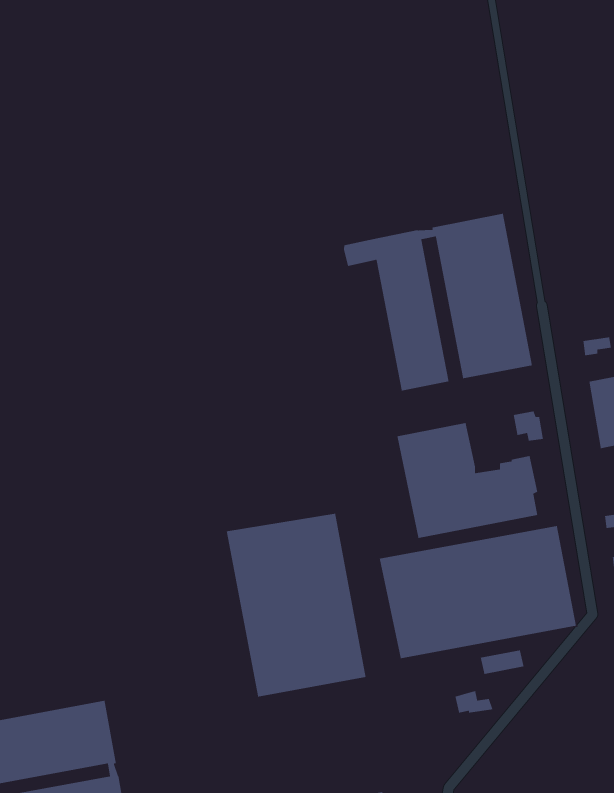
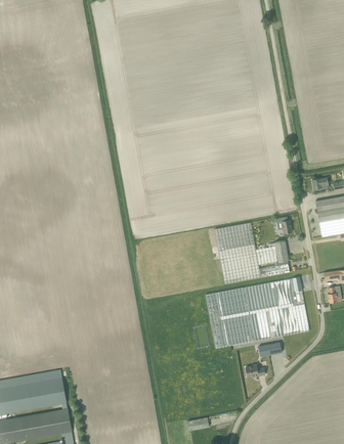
building: [343,213,533,391] -> none
building: [226,513,366,697] -> none

